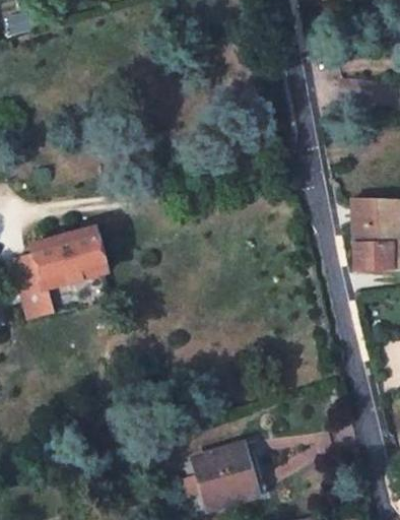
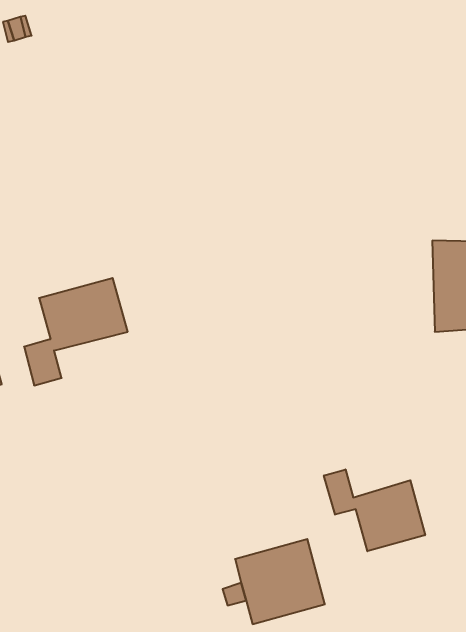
building: none -> [324,469,425,551]

